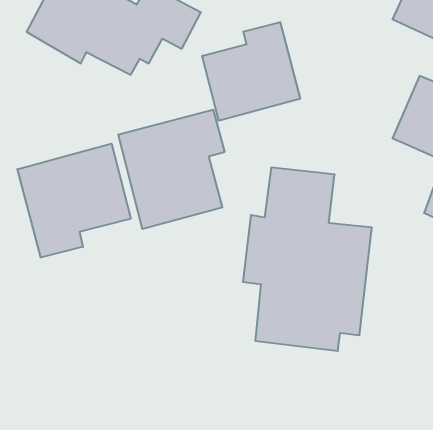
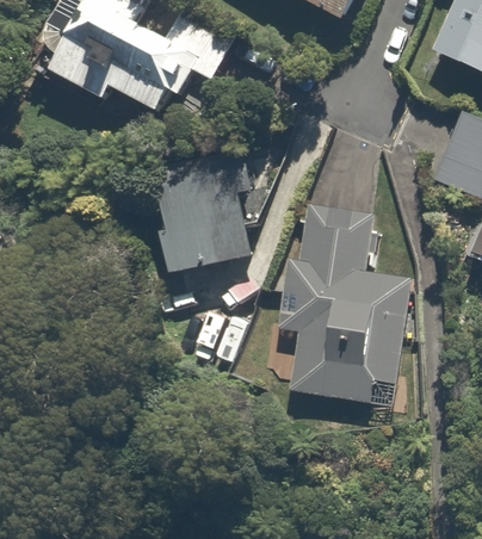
building: [202,22,300,121] -> none
building: [17,144,131,258] -> none

